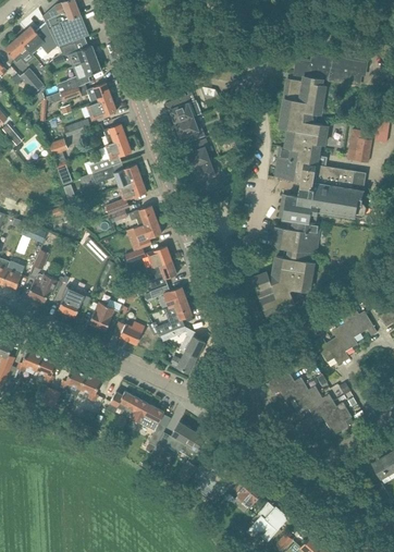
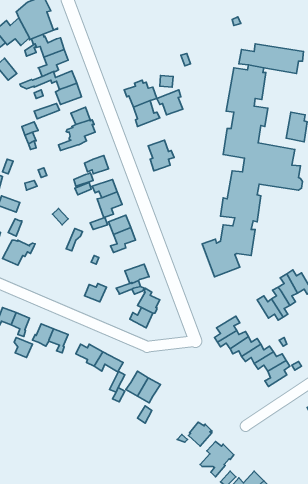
building: [181,139,210,168] -> [157,90,183,115]
building: [93,164,141,187] -> none
building: [150,285,187,308] -> none
building: [59,286,91,317] -> none
building: [89,302,115,331] -> none

